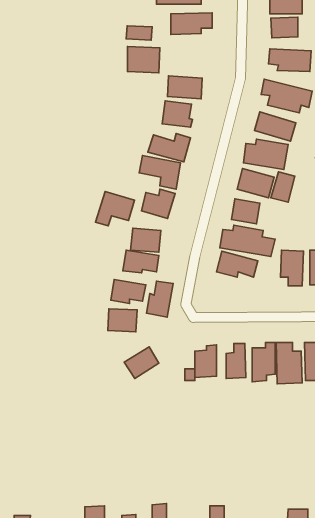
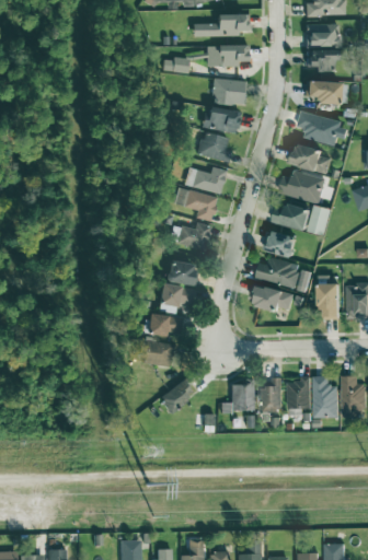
building: [127,47,160,73] -> [211,79,244,105]
building: [96,192,135,226] -> none
building: [147,281,173,317] -> none

